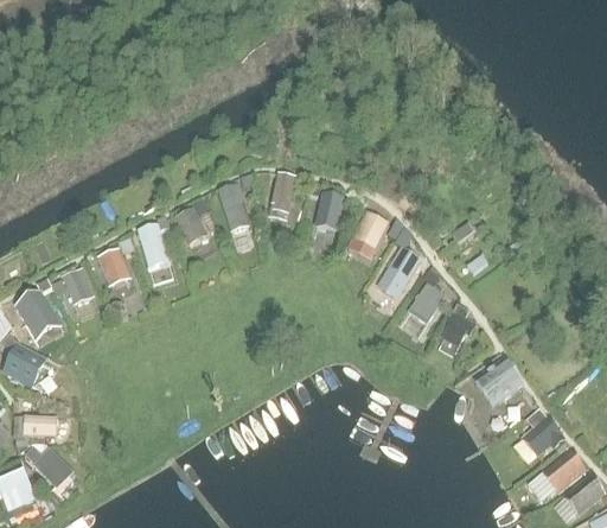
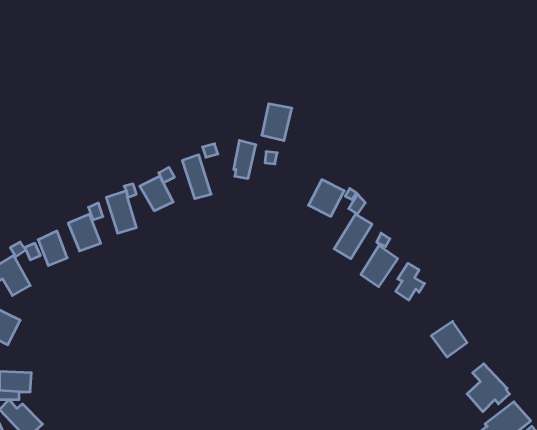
building: [313,192,345,231] -> [262,104,292,141]

